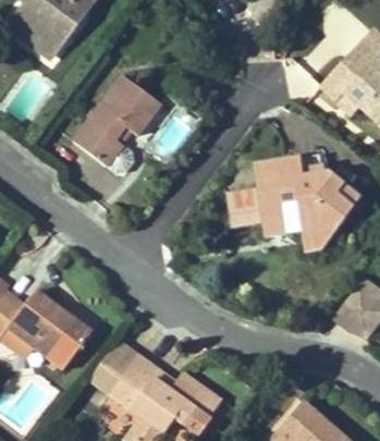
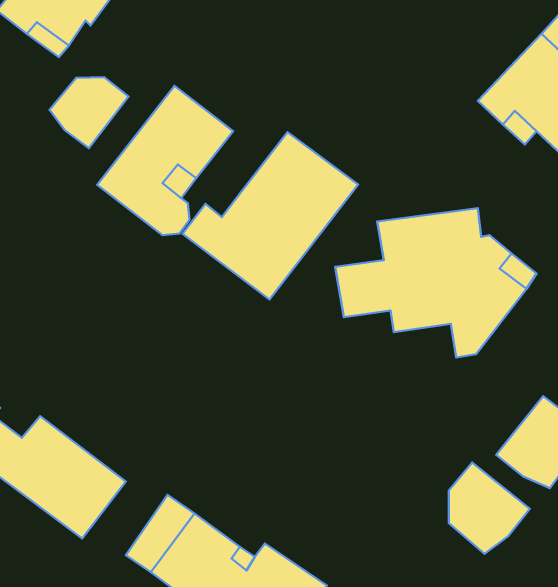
building: none -> [49,77,129,148]
building: none -> [183,132,358,299]
building: none -> [449,463,530,554]

